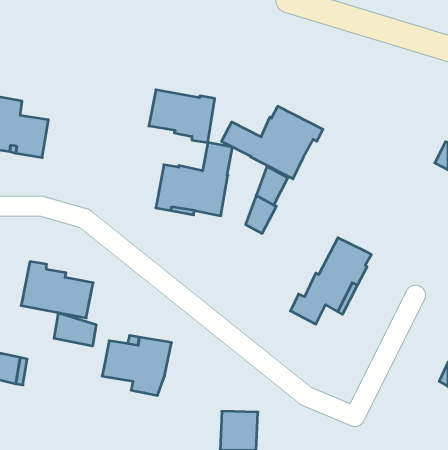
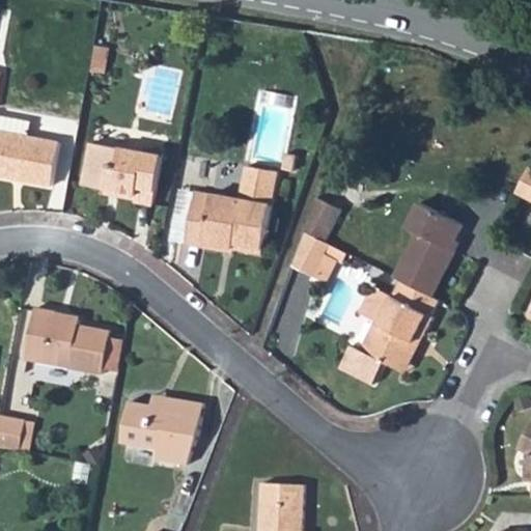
building: [149,90,215,143] -> [83,142,161,204]
building: [222,106,323,179] -> none
building: none -> [392,202,460,296]
building: [54,313,96,346] -> none

